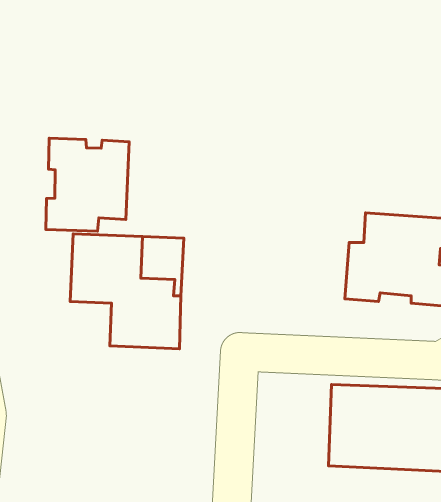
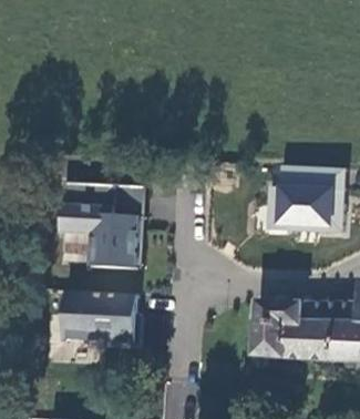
building: [46,138,129,231] -> none
building: none -> [62,292,136,344]

